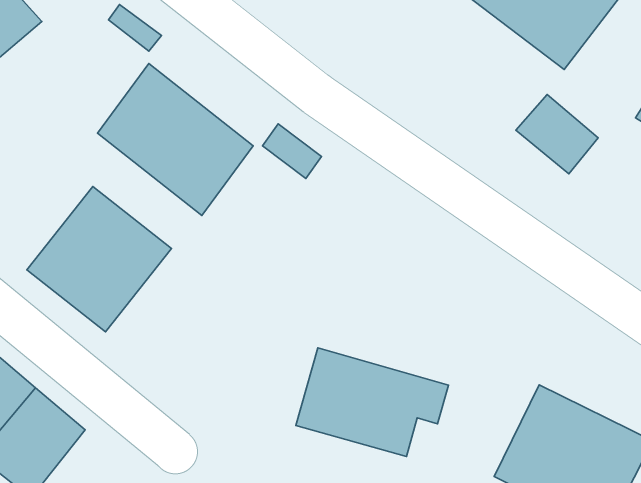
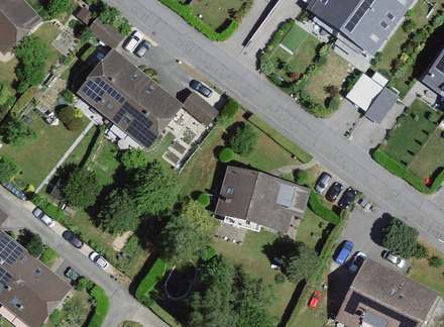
building: [27,186,171,332] -> none
building: [296,348,448,457] -> [211,166,310,236]

